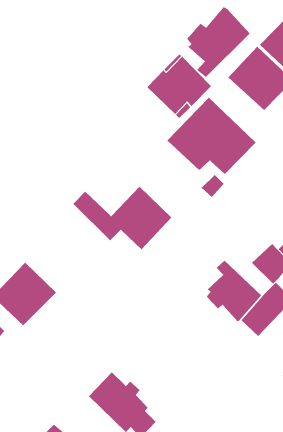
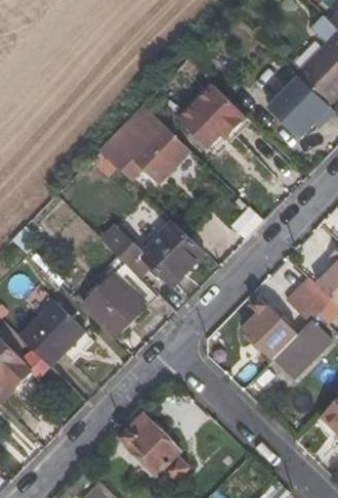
building: [186,6,250,78] -> none
building: [166,97,256,175] -> [97,104,191,185]
building: none -> [83,265,157,337]

